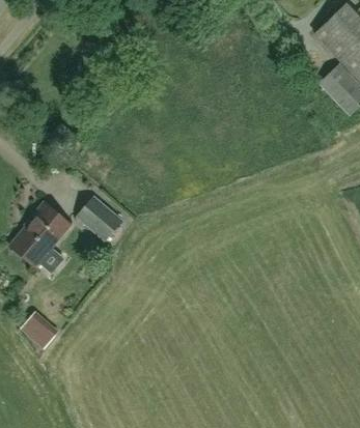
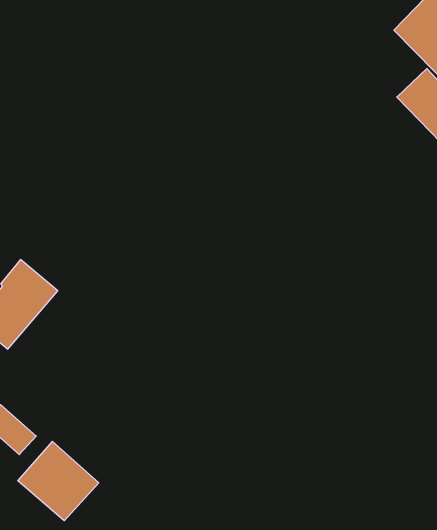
building: [77,196,121,239] -> none
building: none -> [18,441,99,521]

